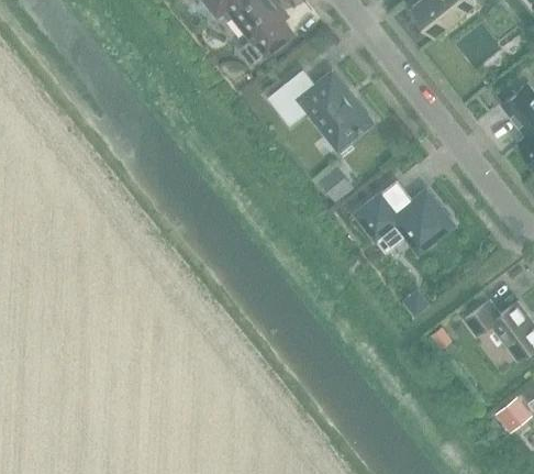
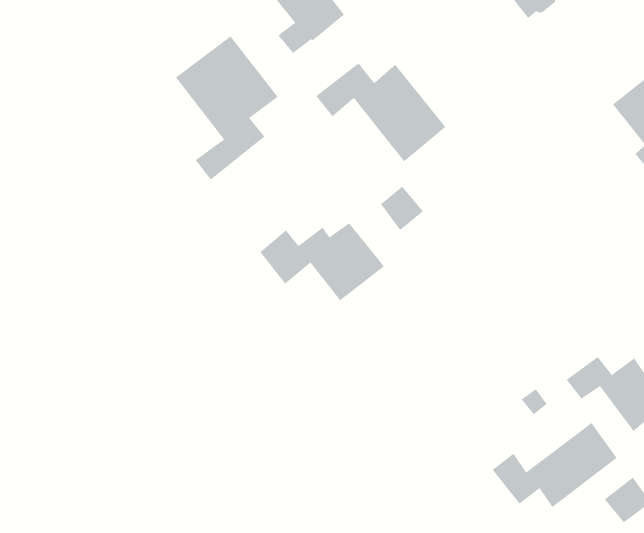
building: none -> [175,36,279,180]
building: [355,191,453,253] -> [260,223,385,301]
building: none -> [492,422,618,508]

